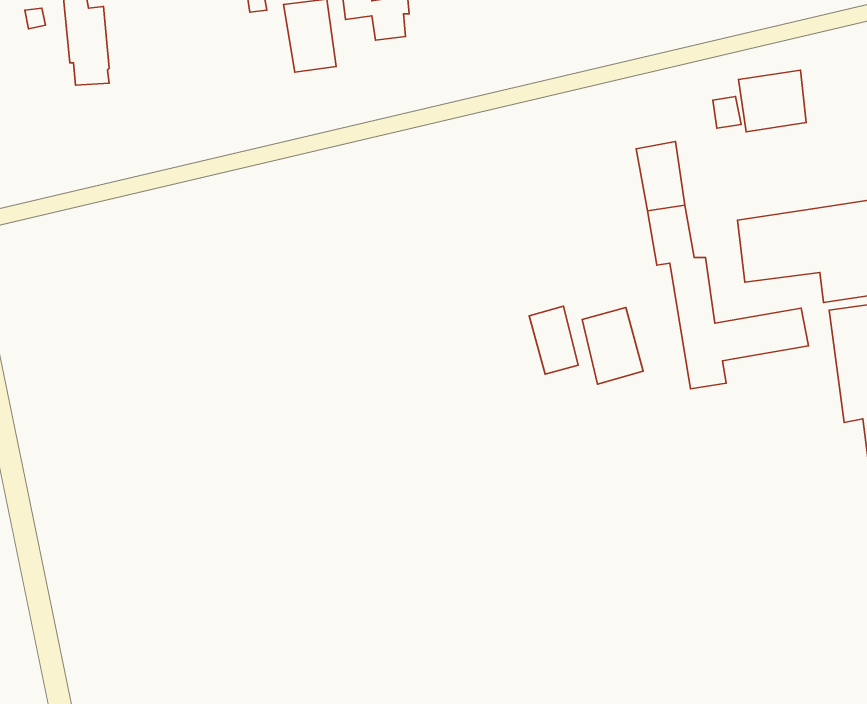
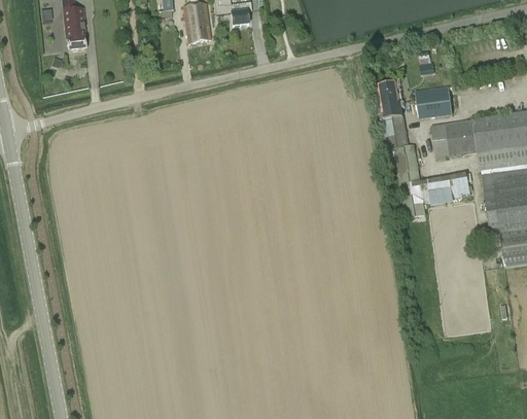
building: [739,70,806,132] -> [415,85,452,119]
building: [529,306,578,374] -> none
building: [582,307,643,384] -> none

